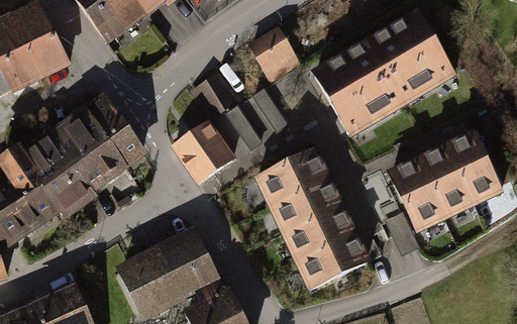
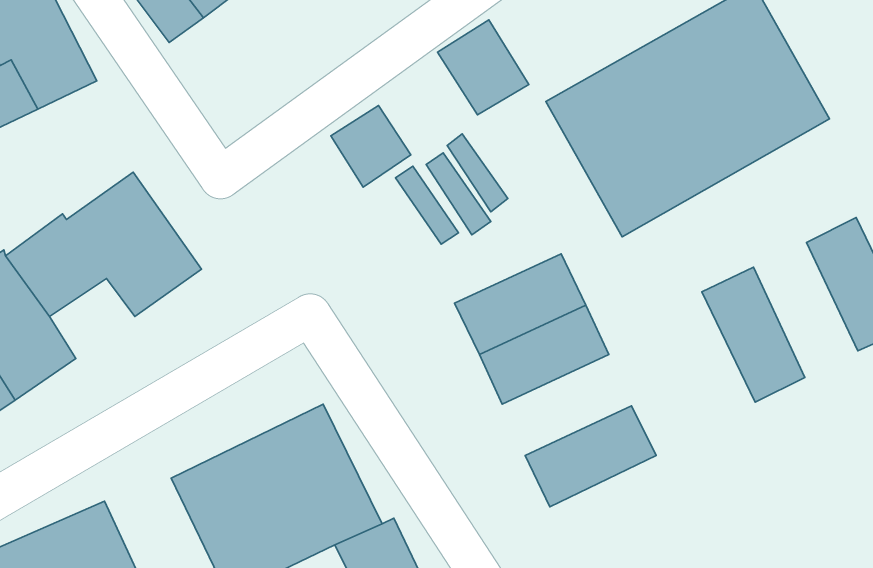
building: [89,95,142,158] -> none
building: [175,120,233,180] -> none
building: [418,144,474,216] -> none
building: [44,164,95,213] -> none
building: [285,204,353,257] -> none

